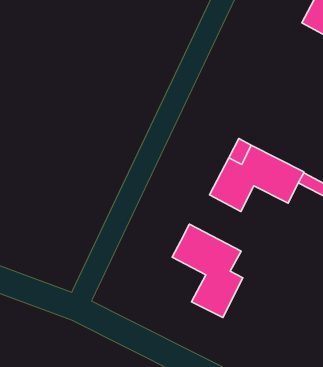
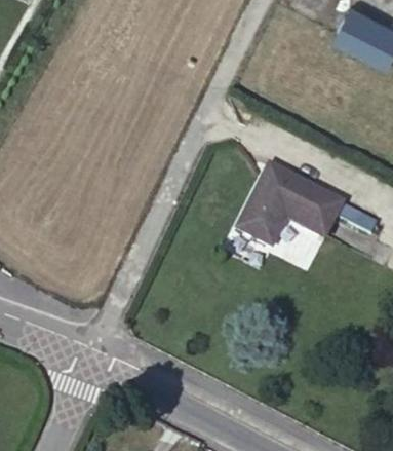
building: [172,224,243,318] -> none

